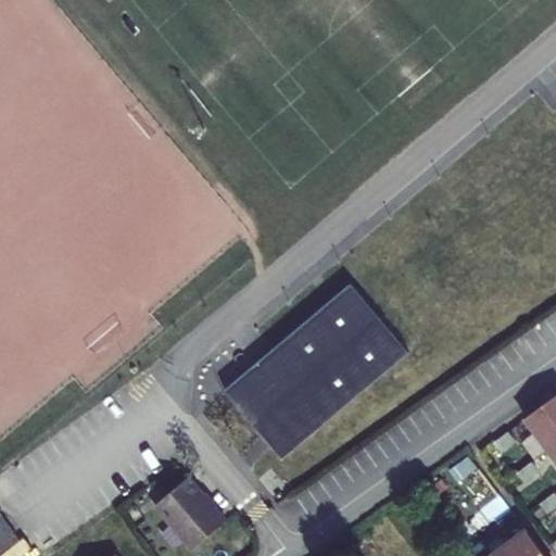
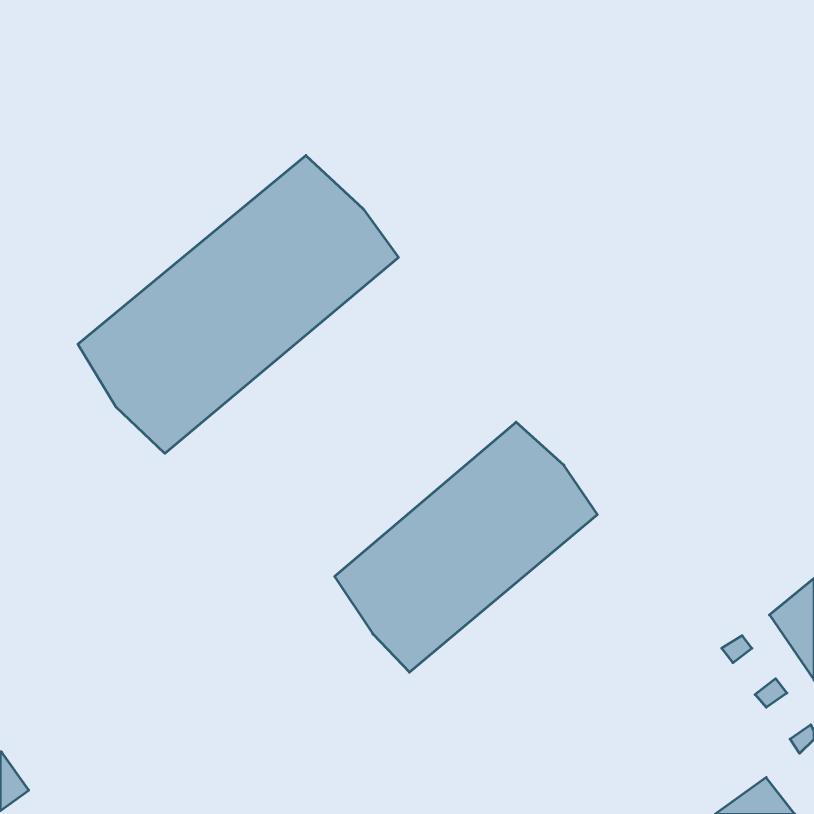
building: none -> [78,155,398,453]
building: [154,478,225,549] -> none

